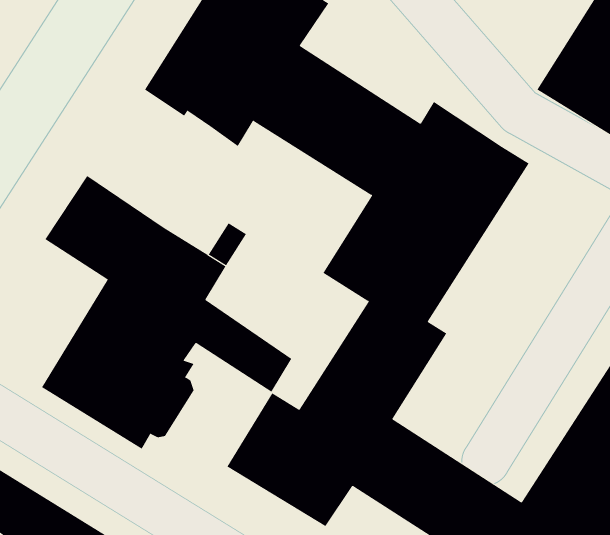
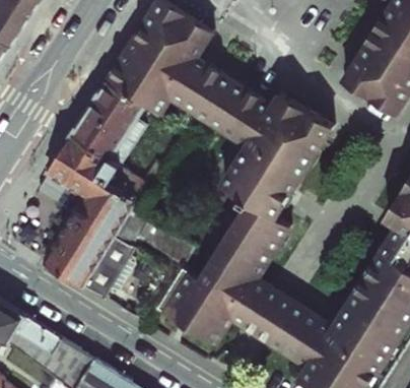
building: none -> [70,82,144,166]

